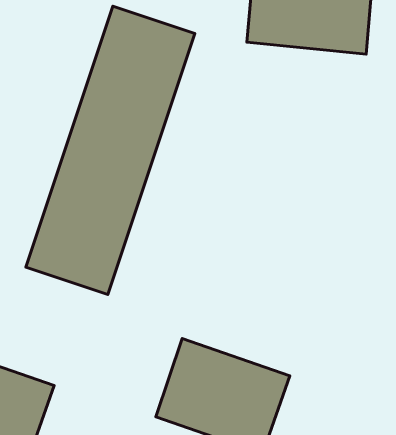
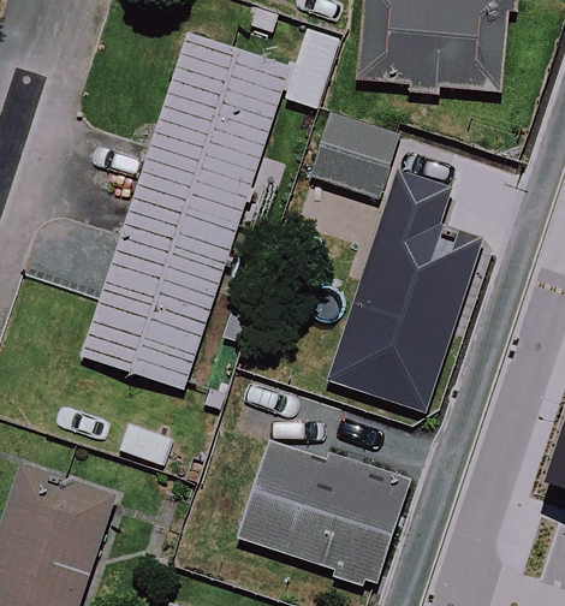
building: none -> [308,111,400,200]
building: none -> [327,178,484,414]

